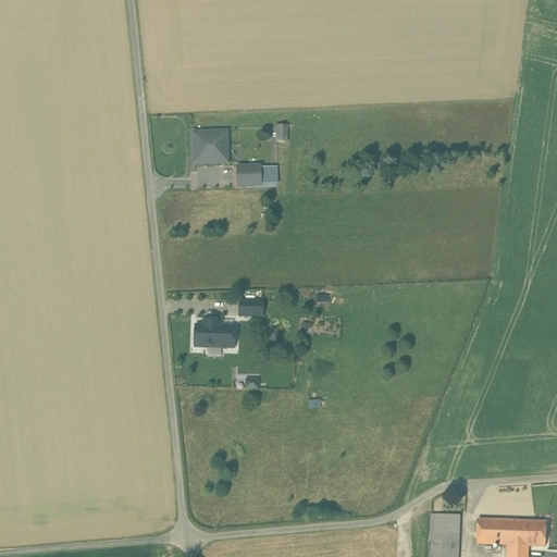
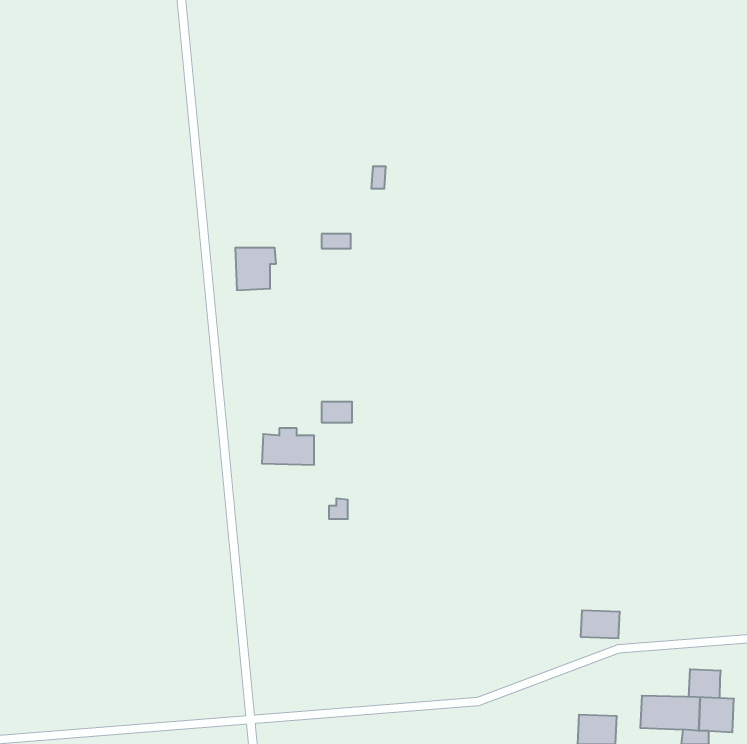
building: [194,131,224,162] -> [235,248,276,290]
building: none -> [689,669,721,698]
building: [431,512,460,533] -> [581,610,620,638]

